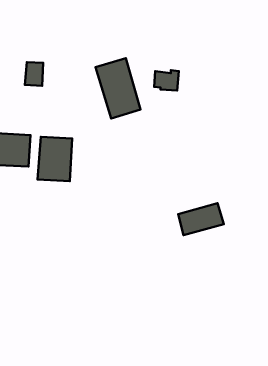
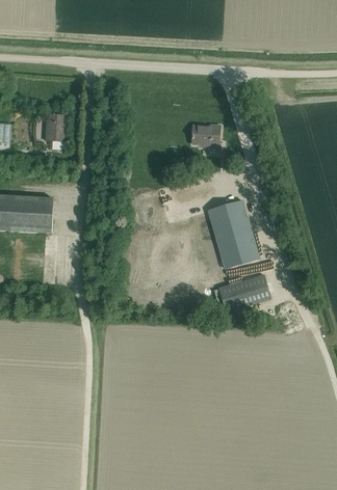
building: [96,58,141,119] -> [207,199,258,268]
building: [38,137,72,181] -> none

